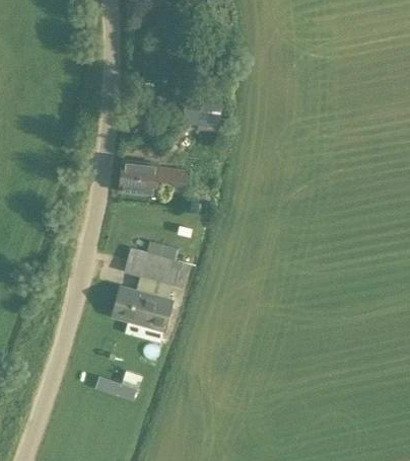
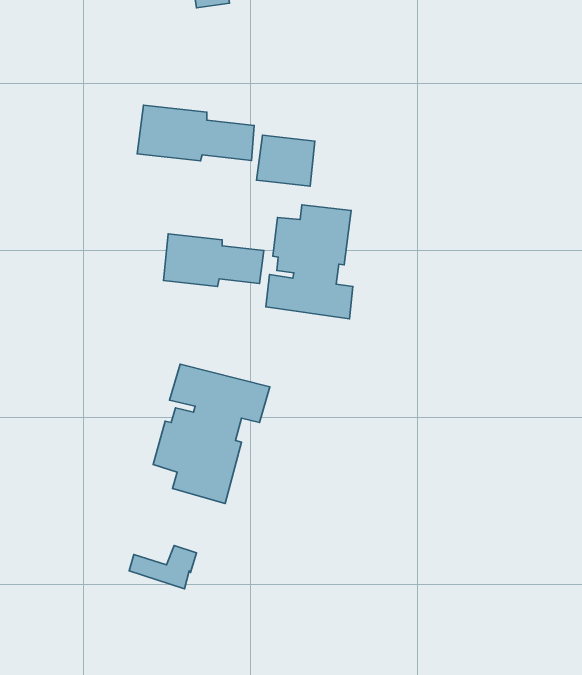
building: none -> [137,105,254,161]
building: none -> [266,205,353,319]

